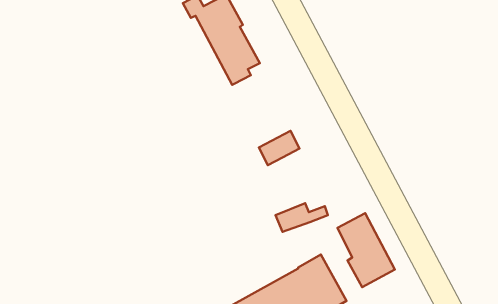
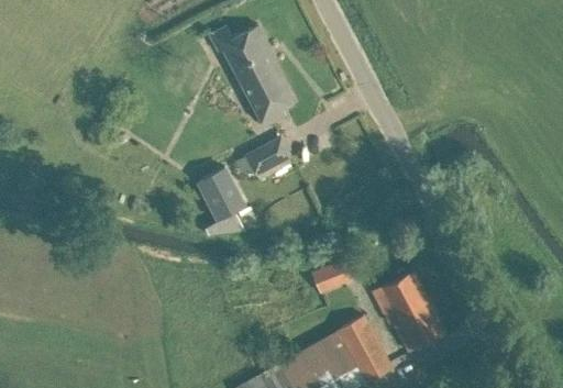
building: none -> [197,167,244,221]
building: [259,131,299,165] -> [244,137,289,176]

